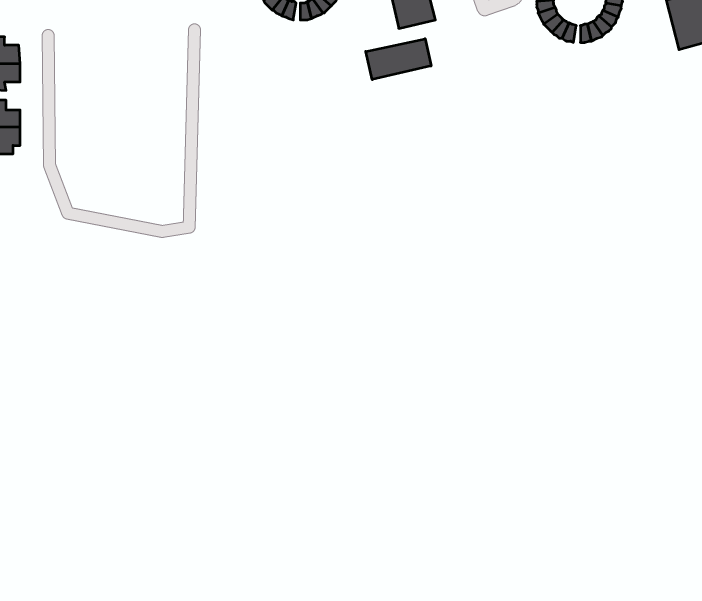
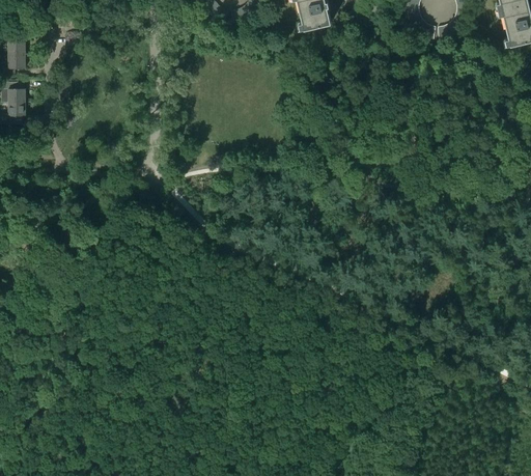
building: [366,39,431,80] -> none

